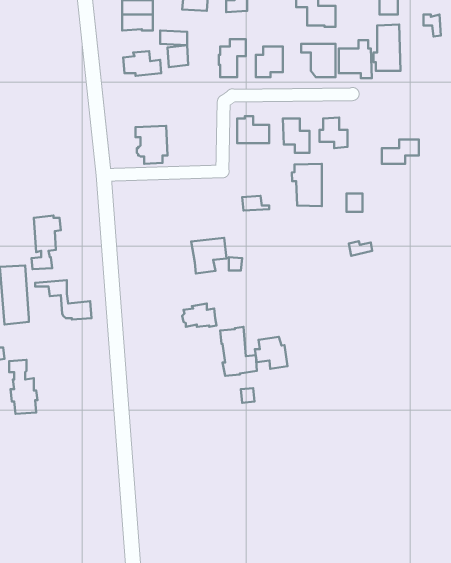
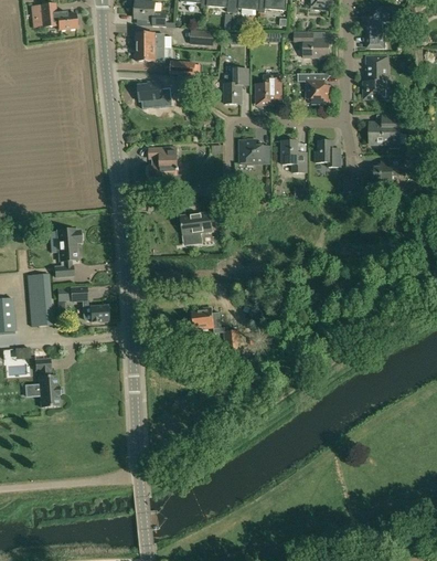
building: [339,40,372,78] -> [370,114,399,148]
building: [292,164,322,206] -> none
building: [191,238,227,273] -> [181,212,213,244]
building: [255,337,287,369] -> none

